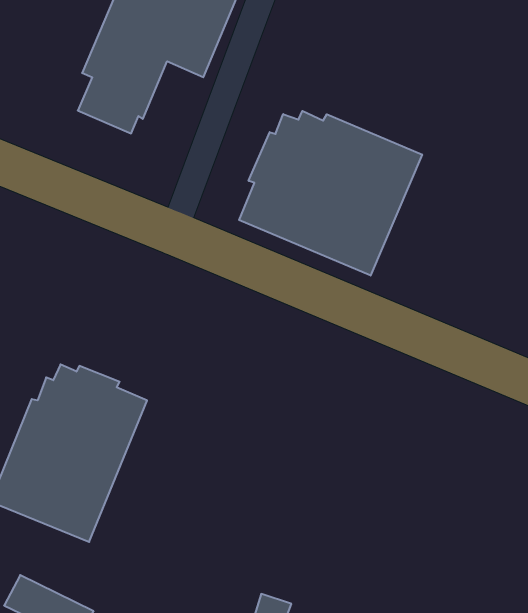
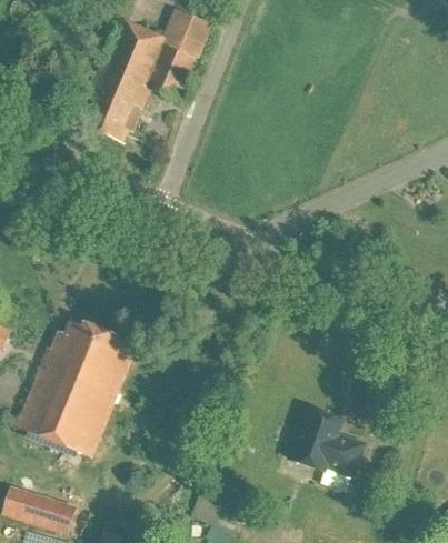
building: [239,111,422,276] -> none
building: none -> [289,411,364,475]

